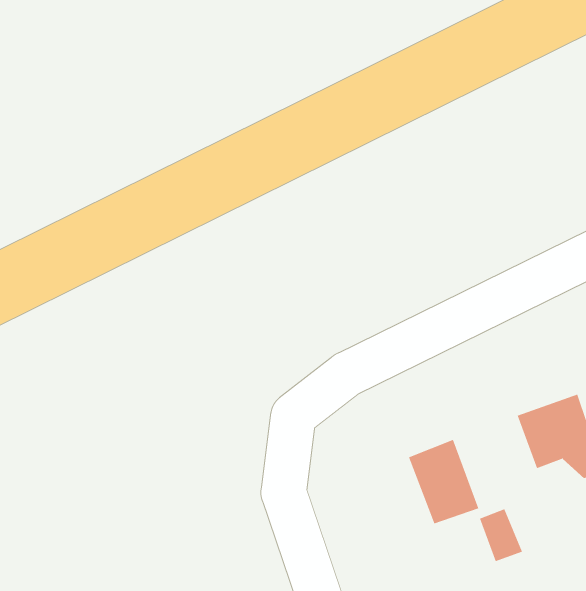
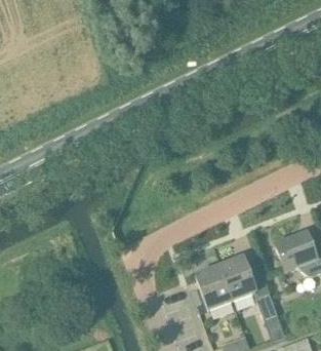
building: none -> [195,265,232,309]

